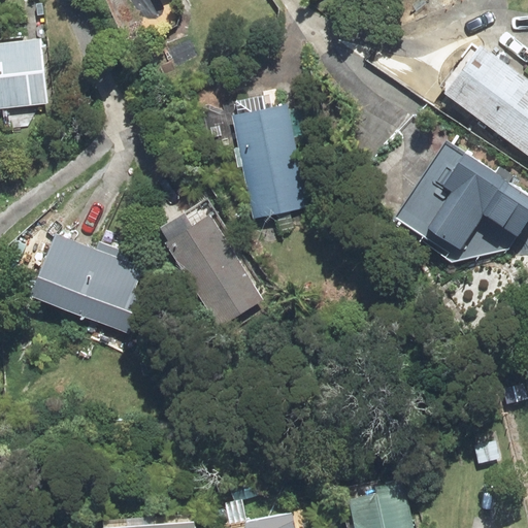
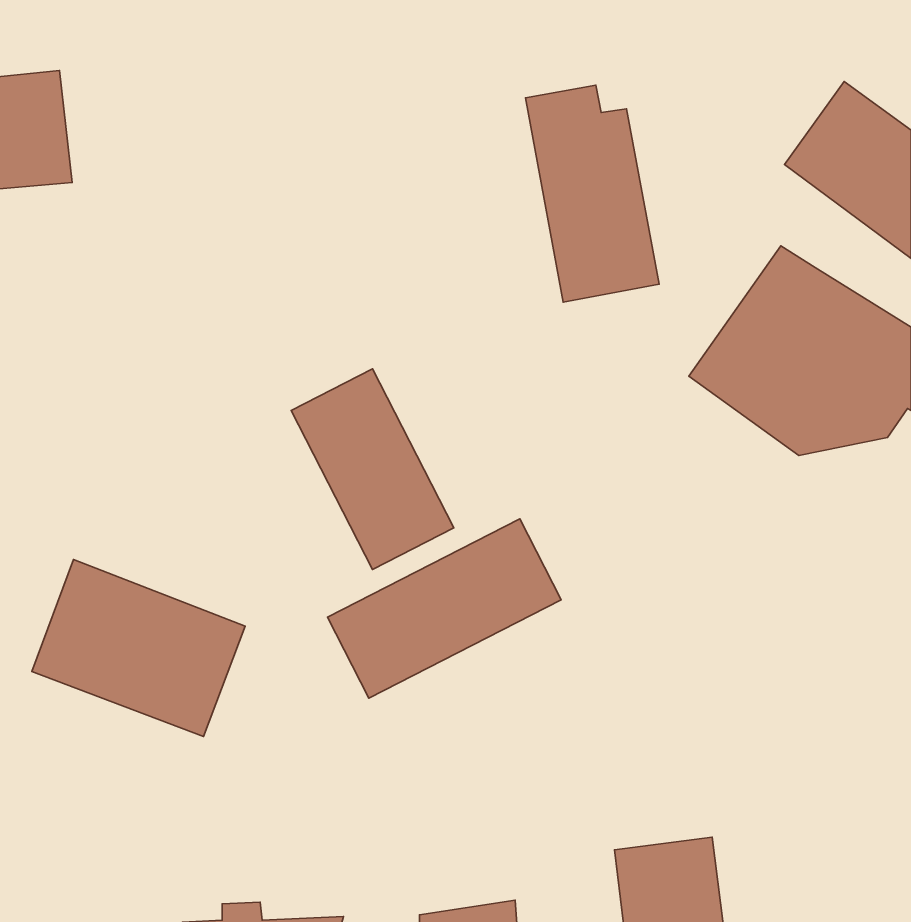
building: [230,95,306,219] -> [525,85,659,302]
building: [34,233,156,334] -> [32,559,245,737]
building: none -> [327,519,561,698]

